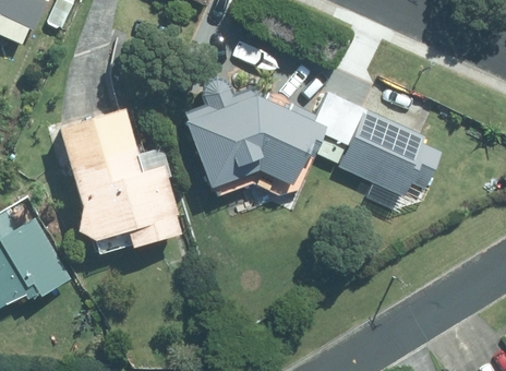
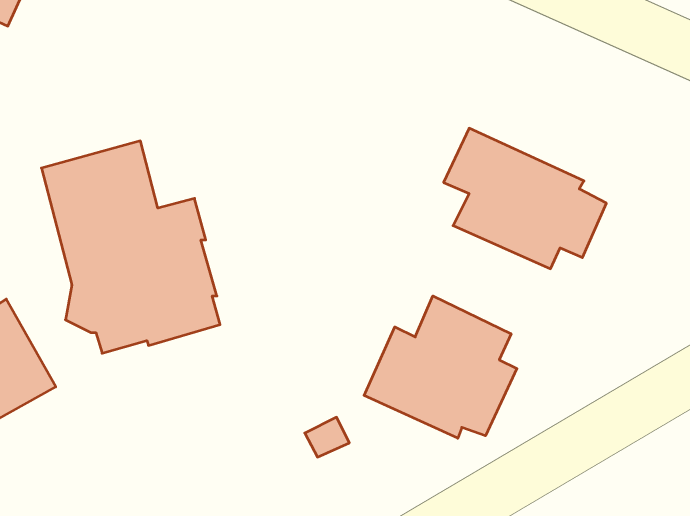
building: [185,77,350,187] -> none
building: none -> [364,296,517,438]

